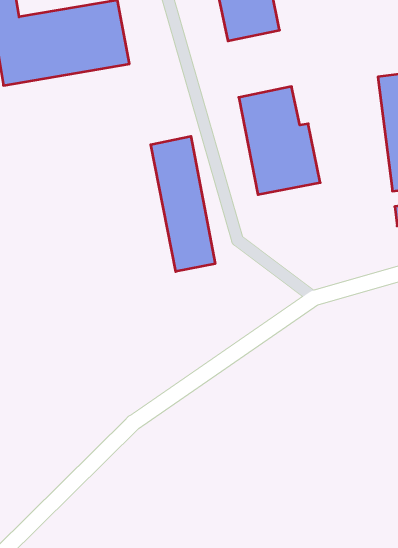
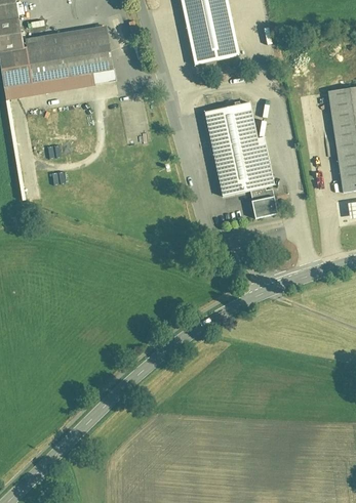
building: [151,136,215,272] -> none
building: none -> [247,198,274,218]

